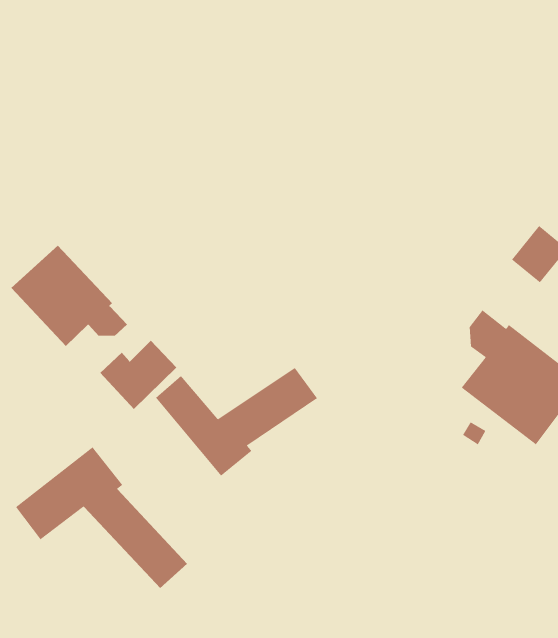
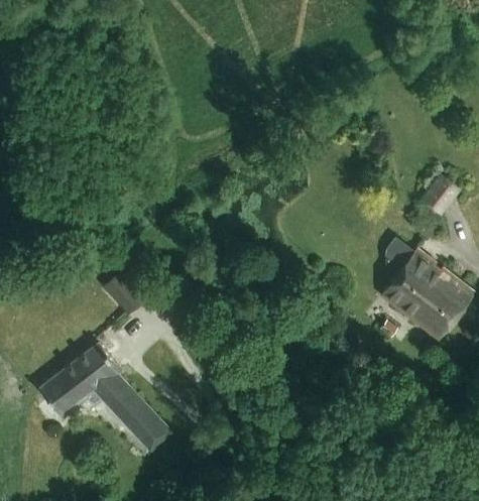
building: [10,245,128,347] -> none
building: [155,367,318,477] -> none

